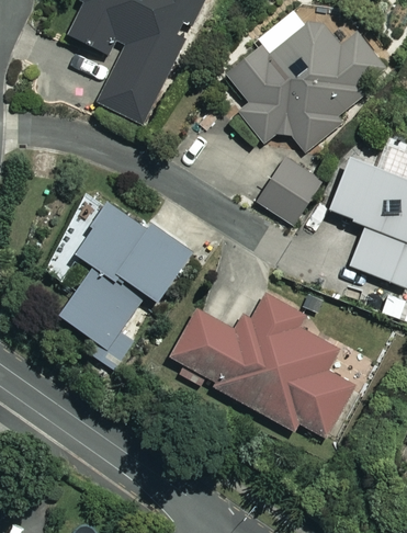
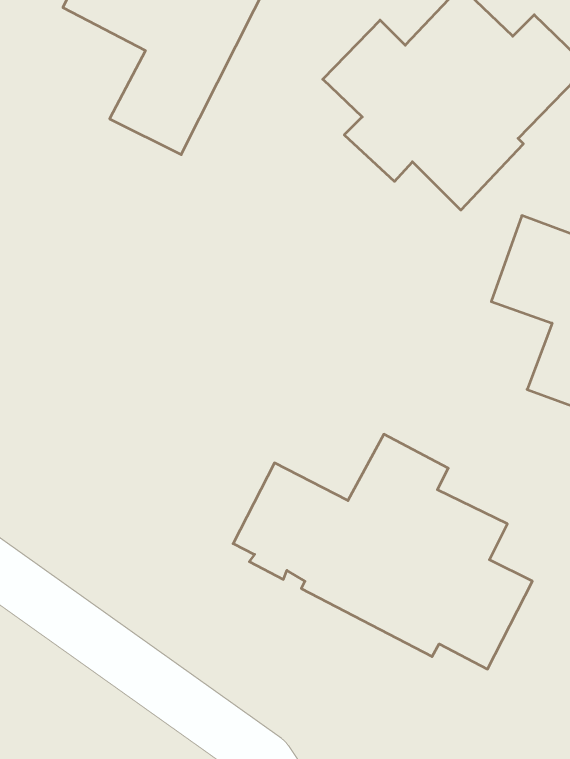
building: [257,157,324,224] -> none
building: [60,203,189,351] -> none

